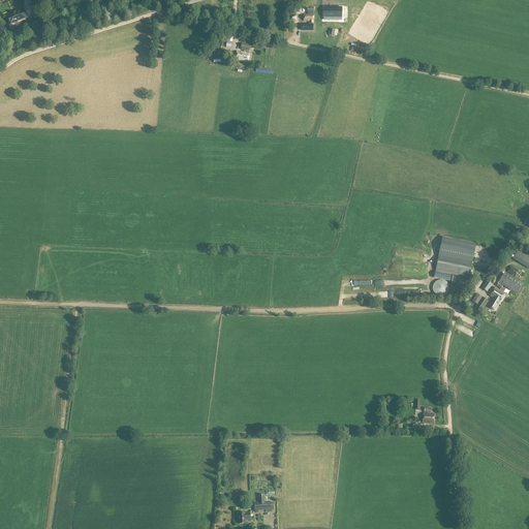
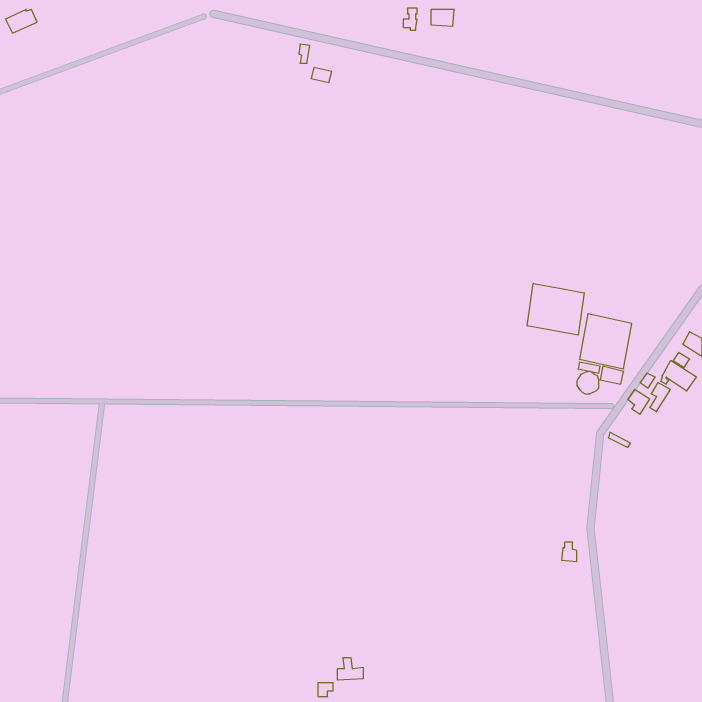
building: none -> [527,283,584,335]

